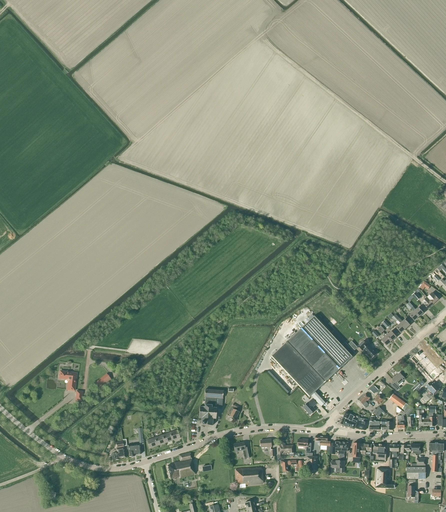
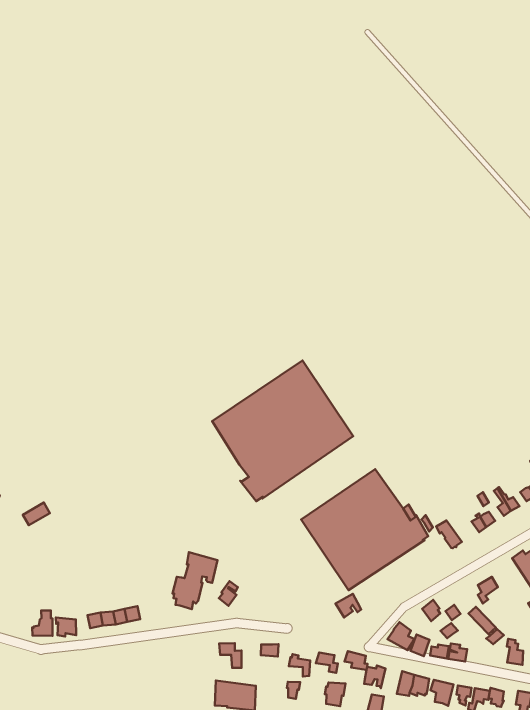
building: none -> [212,361,353,501]
building: [168,452,195,478] -> none

